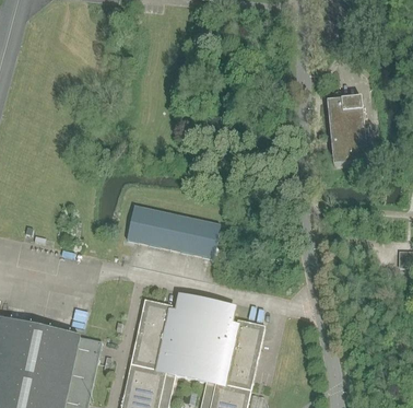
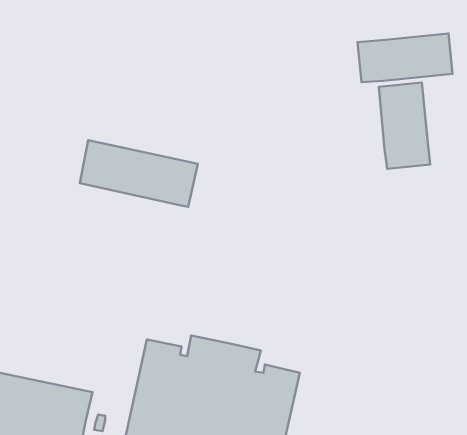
building: none -> [358,34,452,82]
building: [127,205,220,257] -> [80,140,198,207]

